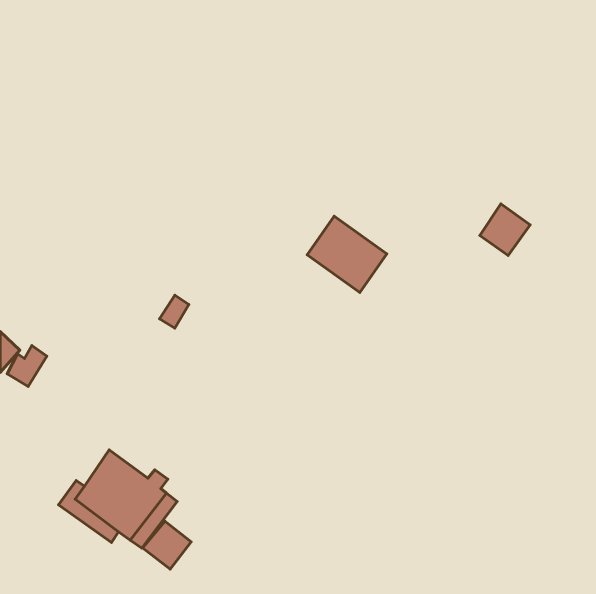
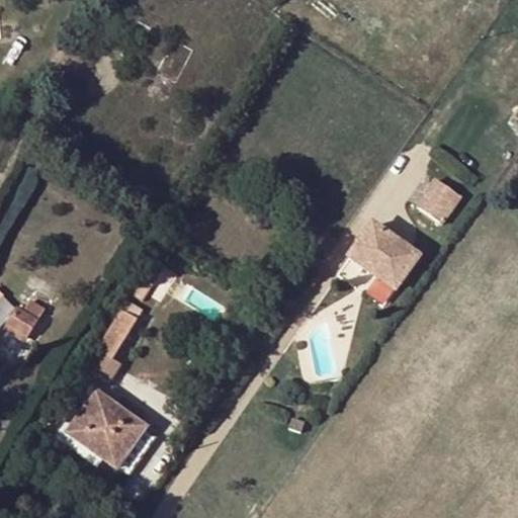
building: [307,216,387,292] -> [349,222,418,287]
building: none -> [88,298,144,379]
building: [142,521,191,569] -> none

